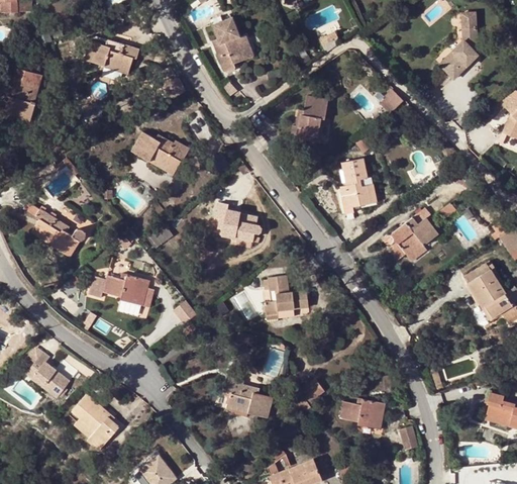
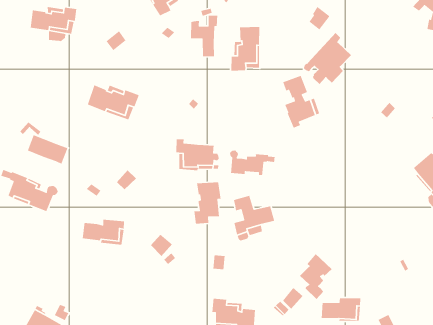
building: none -> [190,15,218,57]
building: none -> [27,134,68,165]
building: [384,207,437,261] -> [303,32,352,85]
building: none -> [229,150,276,176]
building: none -> [193,182,222,224]
building: none -> [299,253,332,300]

